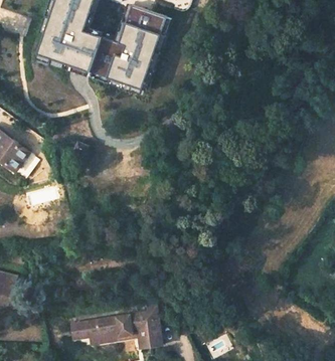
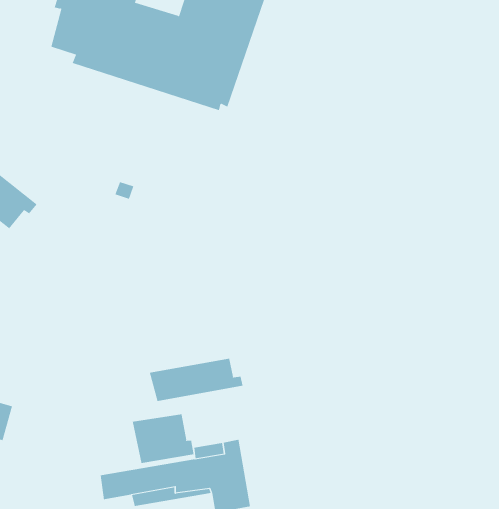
building: none -> [149,358,243,402]
building: none -> [132,413,194,464]

